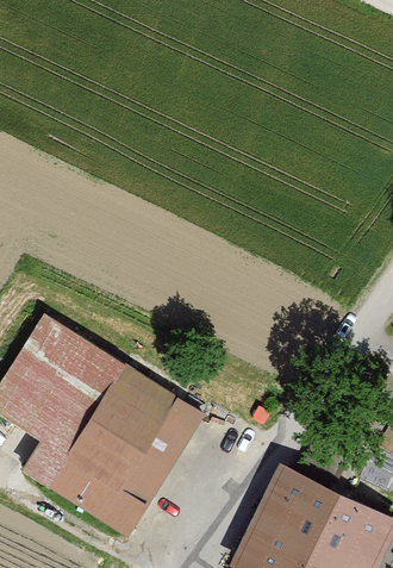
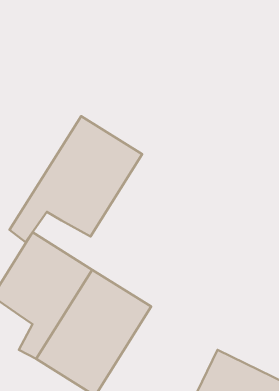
building: none -> [9,116,142,242]

